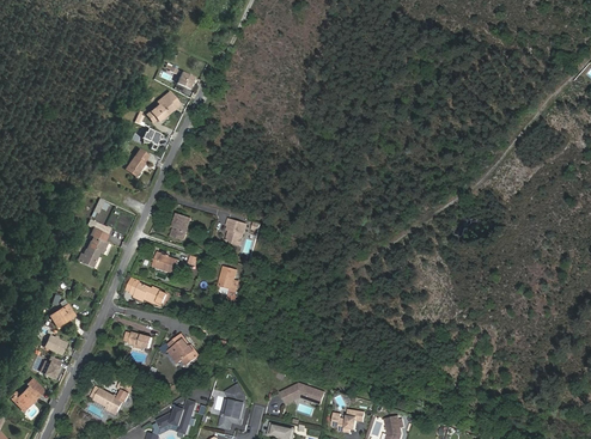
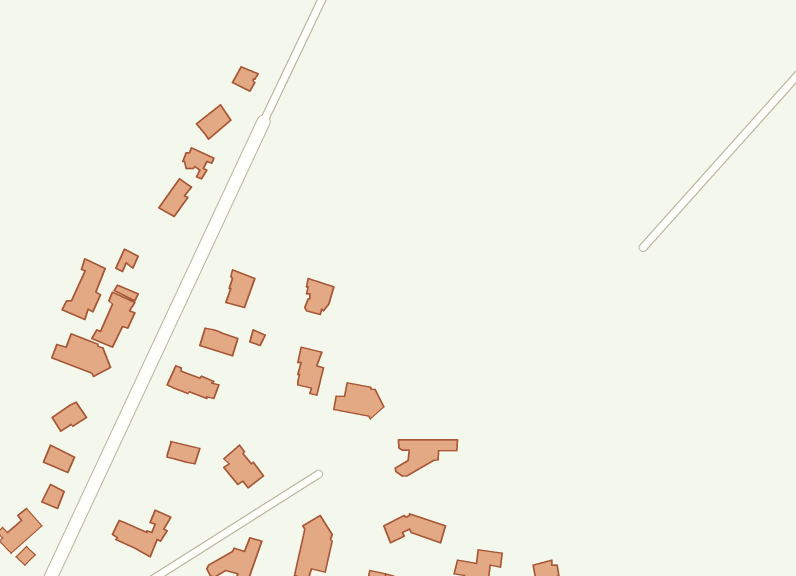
building: none -> [62,259,105,320]
building: none -> [52,334,110,376]
building: none -> [334,383,384,419]
building: none -> [395,440,458,476]

